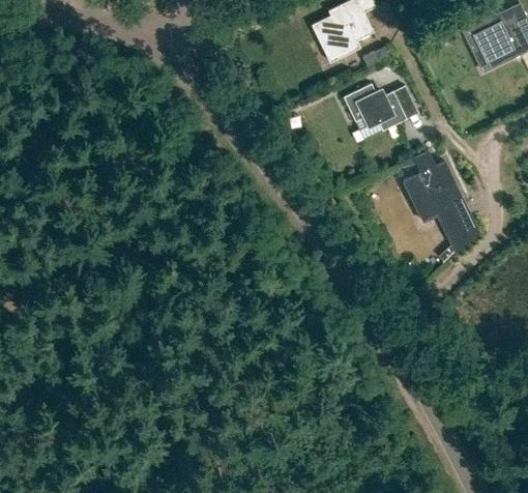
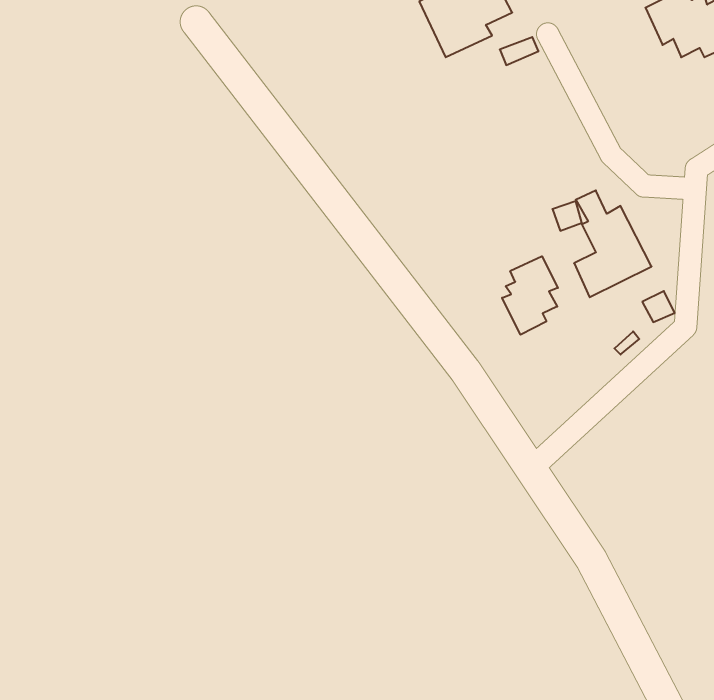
building: [343,84,406,130] -> none
building: none -> [502,256,558,335]

